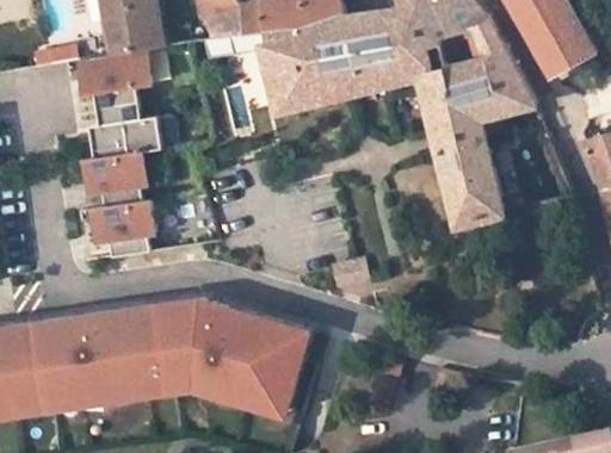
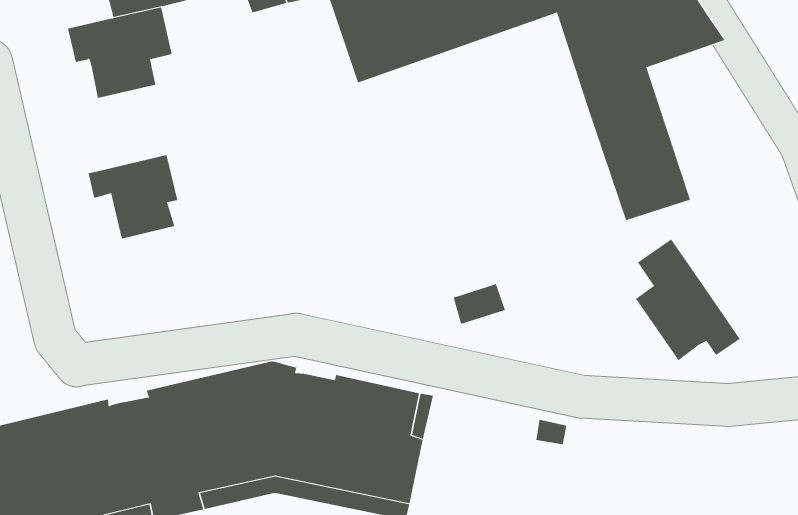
building: [90,103,159,159] -> none
building: [91,200,152,256] -> none
building: none -> [635,239,741,361]

